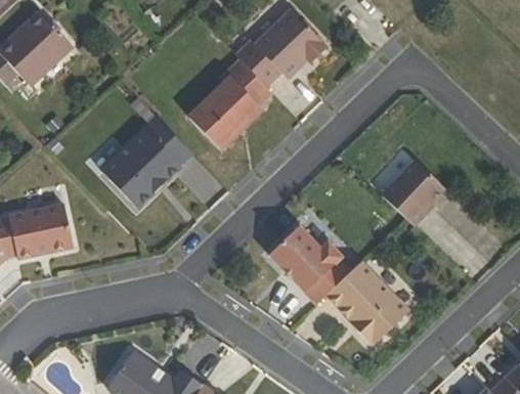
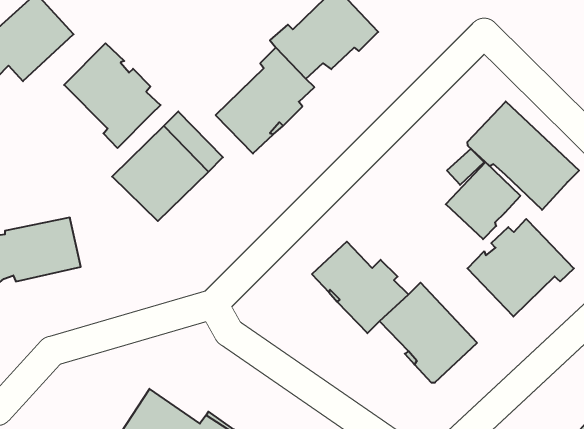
building: none -> [64,43,161,148]
building: none -> [468,101,579,210]
building: none -> [467,219,574,317]

